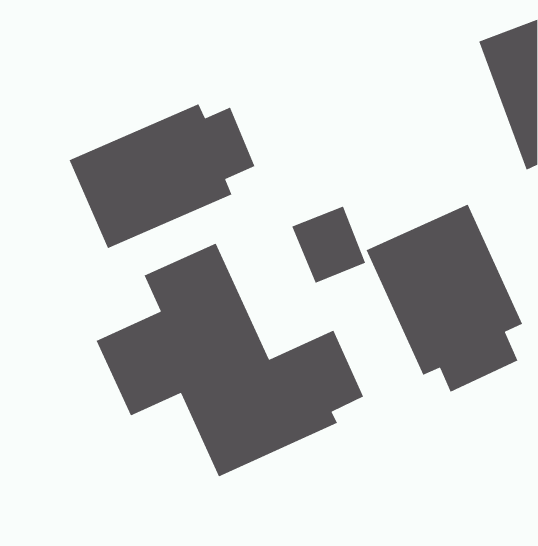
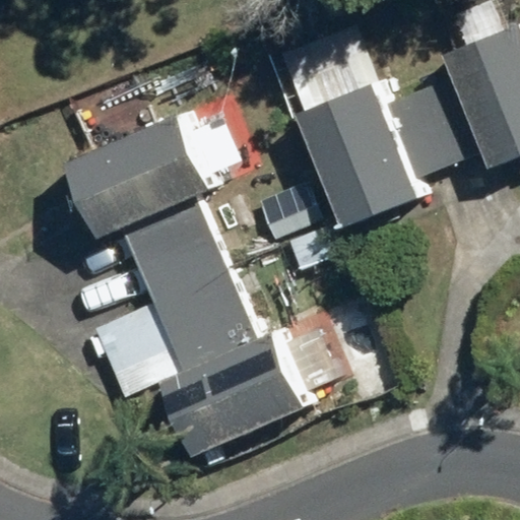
building: none -> [295,60,459,226]
building: [365,203,523,393] -> none

